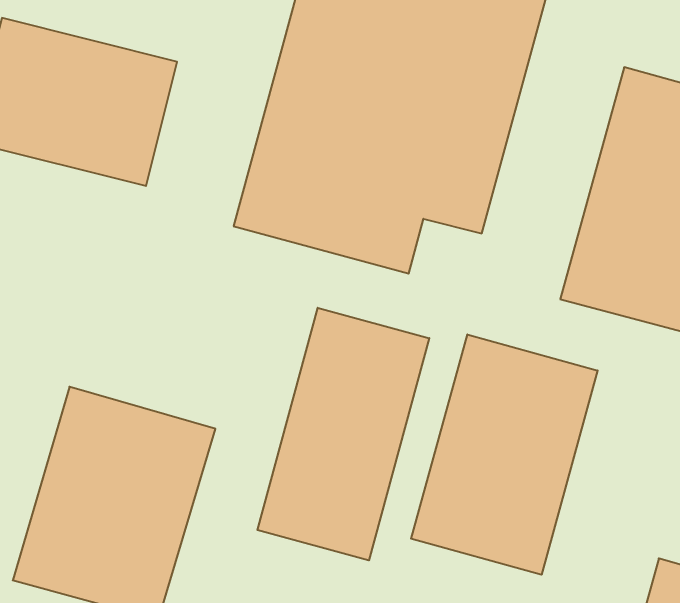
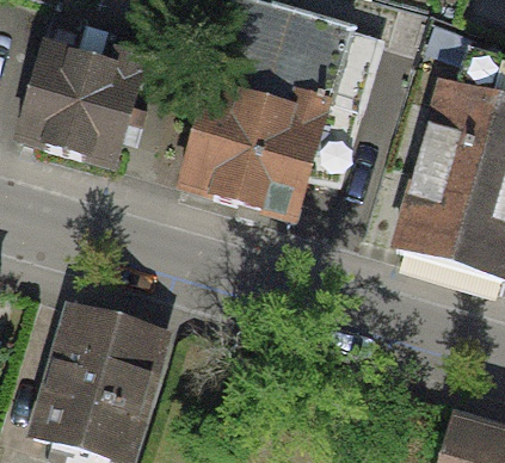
building: [257,308,429,560] -> none
building: [411,334,598,575] -> none

